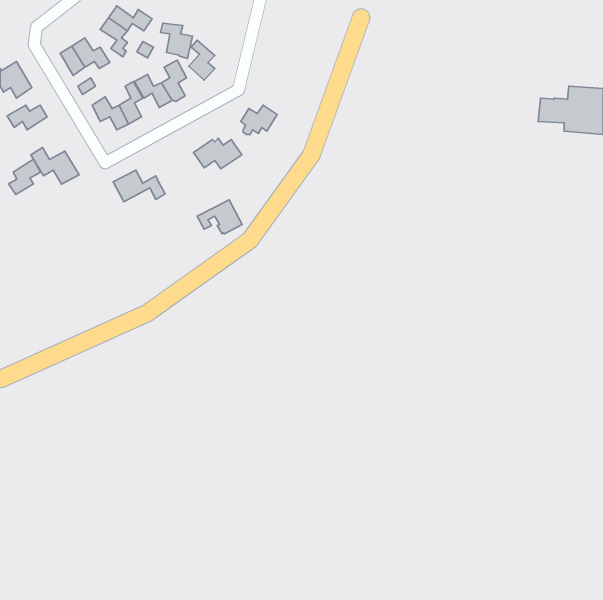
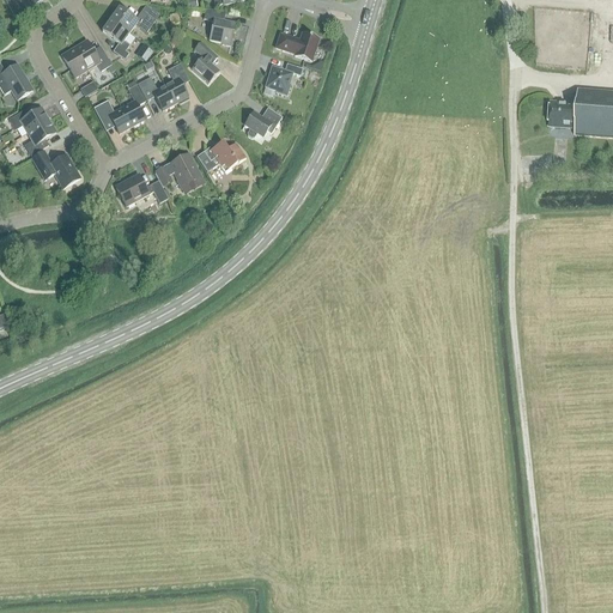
building: [160,23,192,59] -> [202,8,235,44]
building: none -> [275,31,318,60]
building: none -> [265,62,302,93]
building: [9,159,40,195] -> [23,119,55,154]
building: [197,200,242,234] -> [156,153,201,188]

